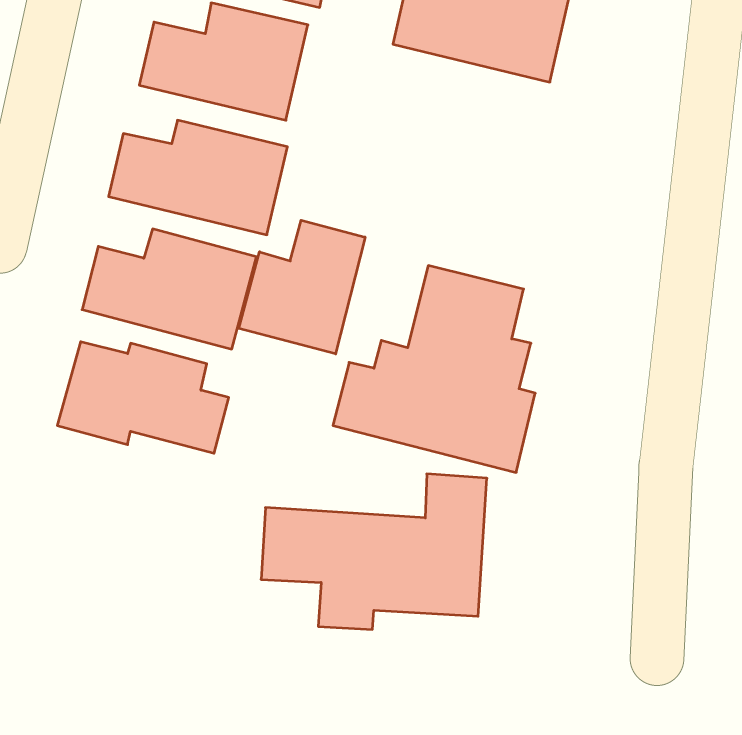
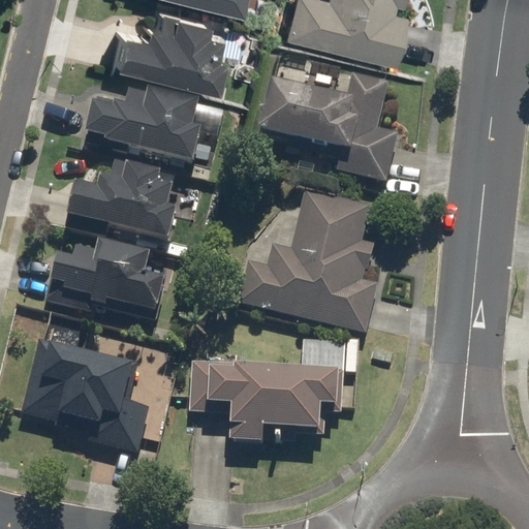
building: none -> [255,70,403,184]
building: [239,220,365,354] -> none
building: none -> [22,337,153,453]

